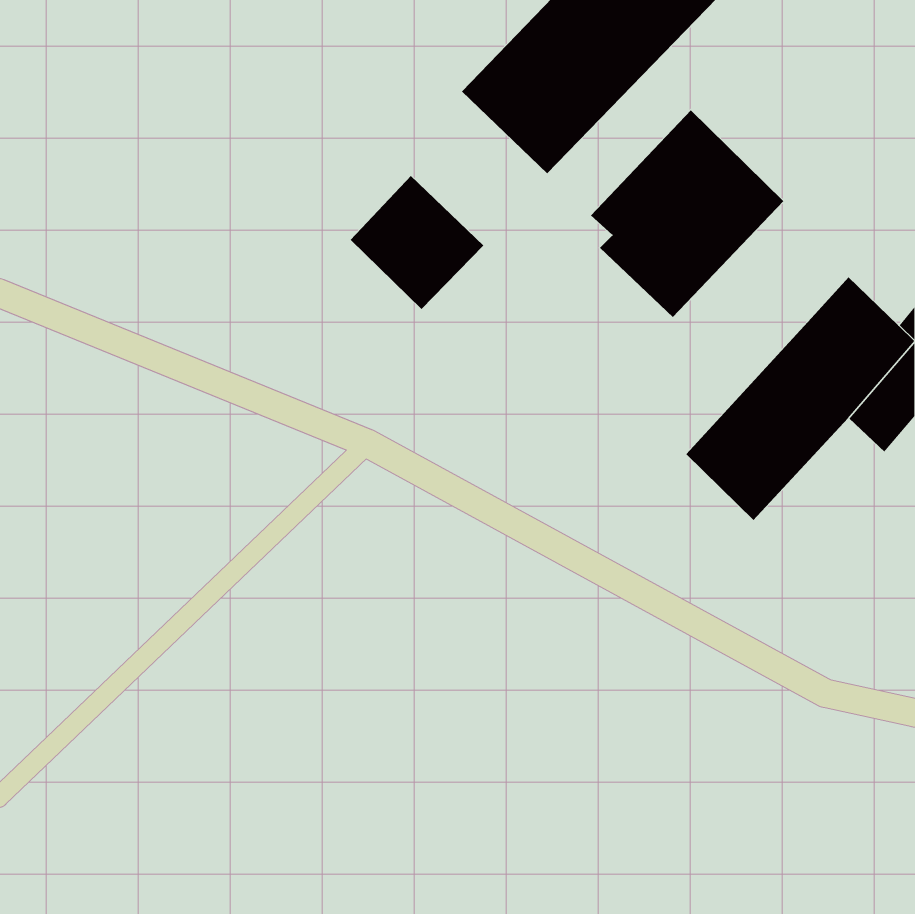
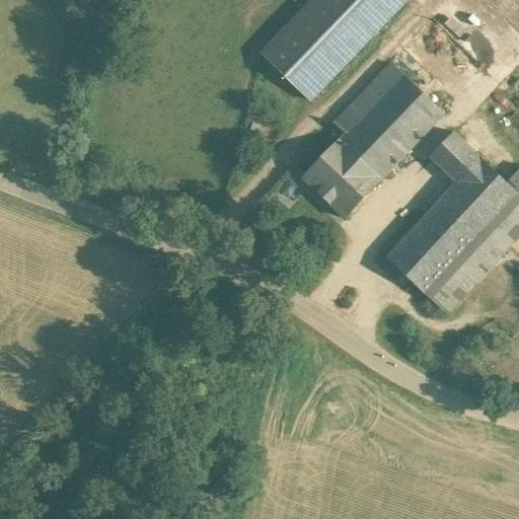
building: [350,175,484,310] -> [304,140,380,216]
building: none -> [430,131,479,181]
building: none -> [426,236,500,313]

